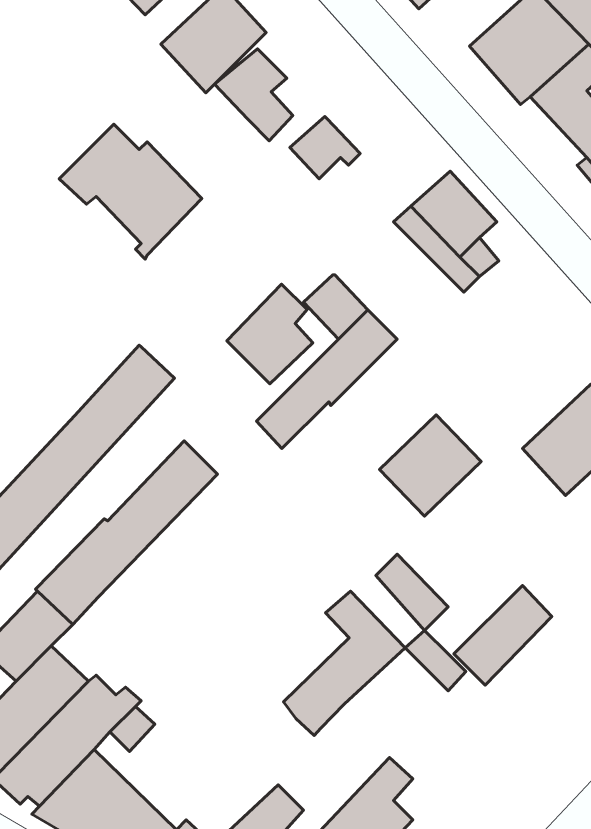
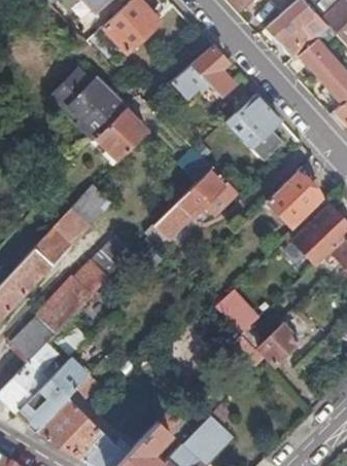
building: [215,49,293,141] -> [192,47,233,96]
building: [227,284,313,384] -> [97,108,142,160]
building: [379,415,481,516] -> [267,172,320,225]
building: [283,591,405,735] -> none

